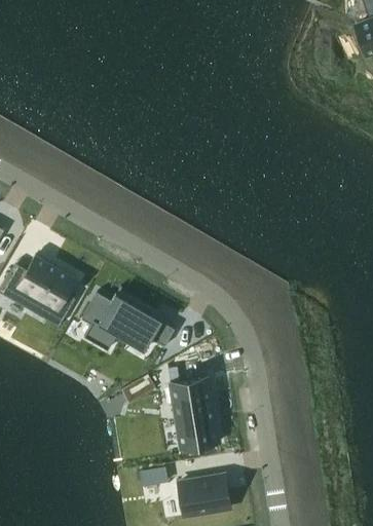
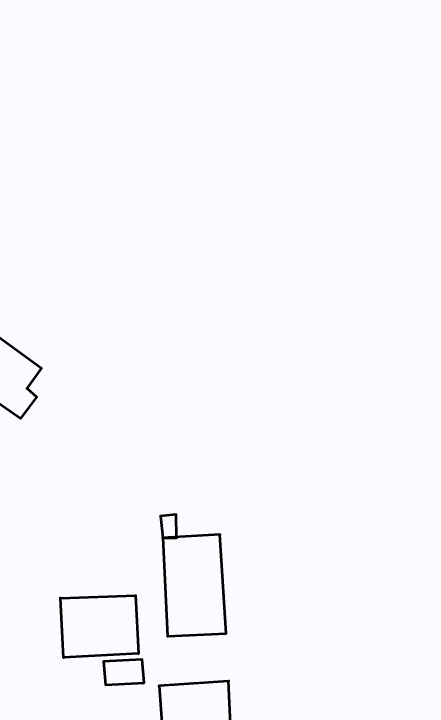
building: [82,292,176,350] -> none
building: none -> [60,596,138,658]

